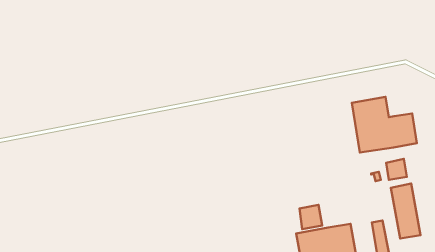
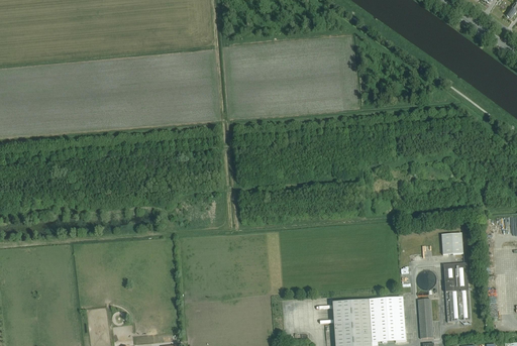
building: [352,97,417,153] -> none
building: [299,205,322,229] -> none

